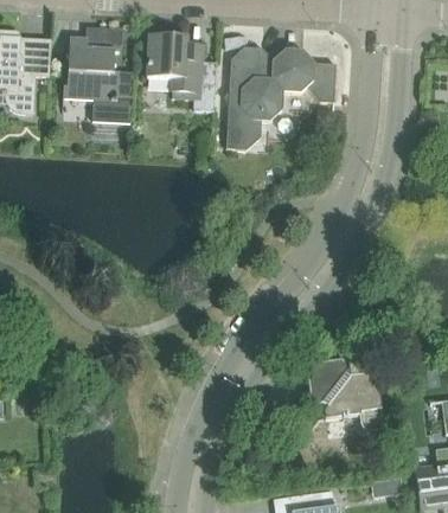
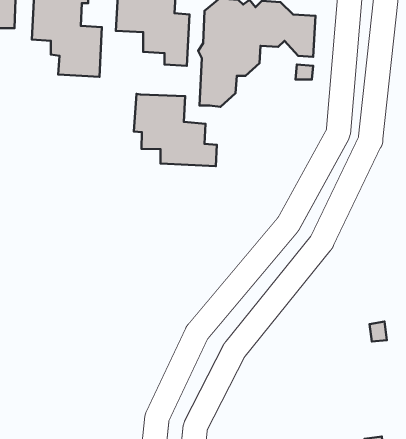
building: none -> [134,94,217,166]
building: [306,358,383,430] -> none

